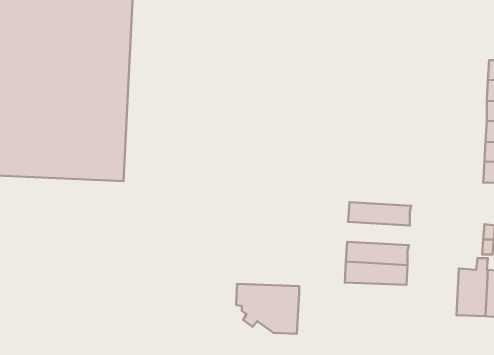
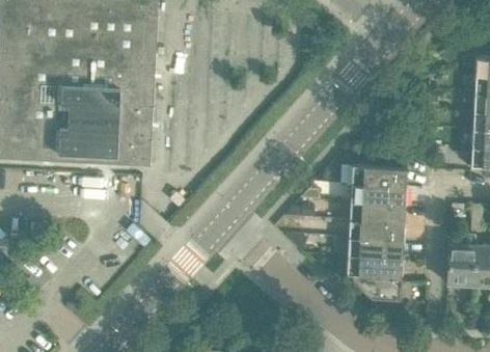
building: none -> [351,165,407,187]
building: none -> [349,201,405,222]
building: [236,284,299,334] -> [346,255,402,300]

